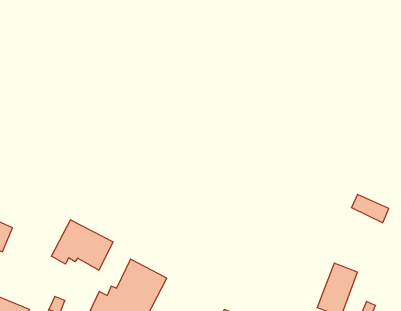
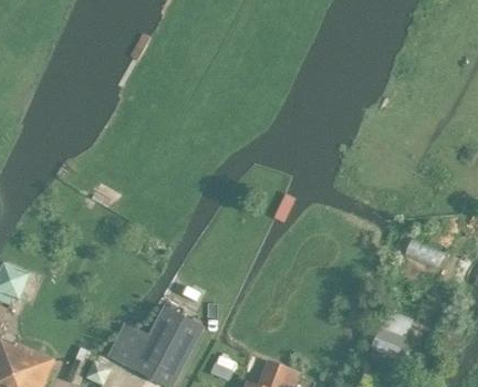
building: [51,220,113,270] -> none

